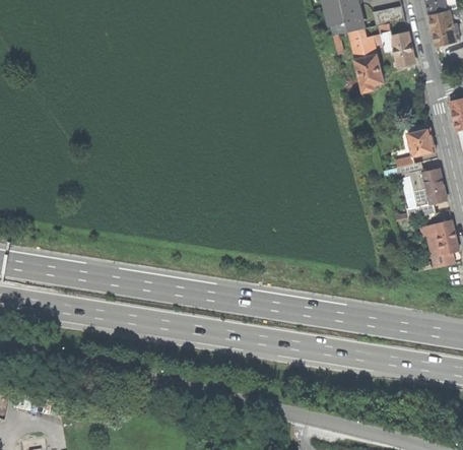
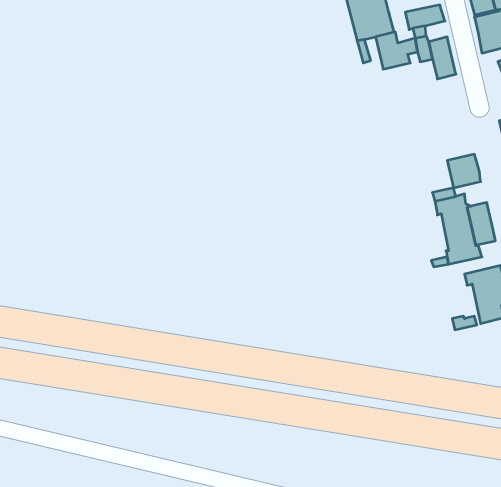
building: [354,54,384,92] -> none

